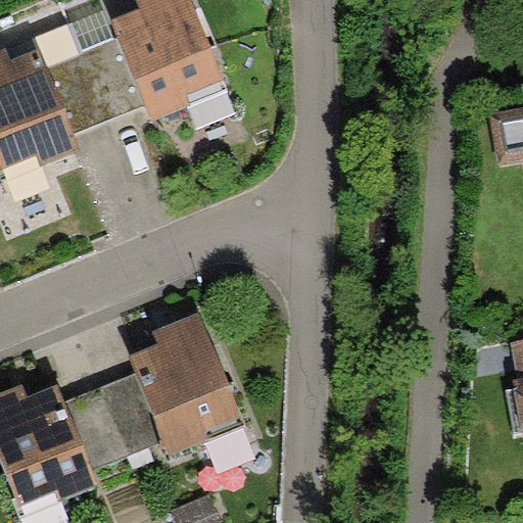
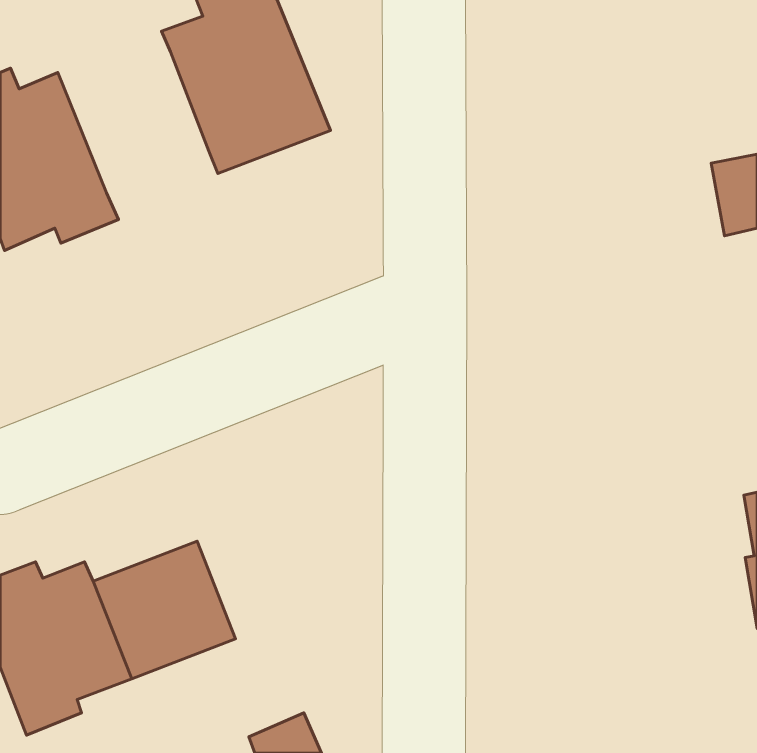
building: [40,36,144,133] -> none
building: [130,314,242,457] -> none

